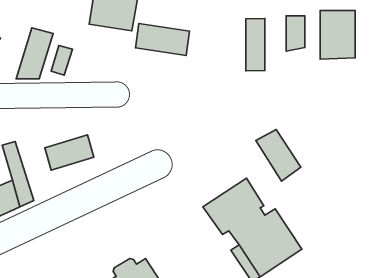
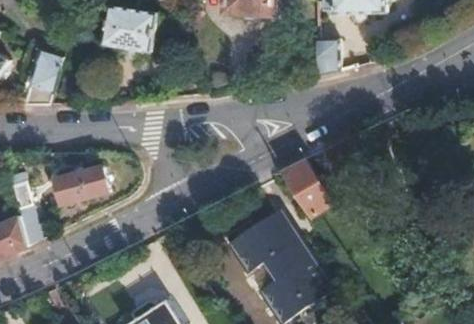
building: [320,11,355,59] -> none
building: [246,18,265,71] -> none
building: [136,24,190,56] -> none

